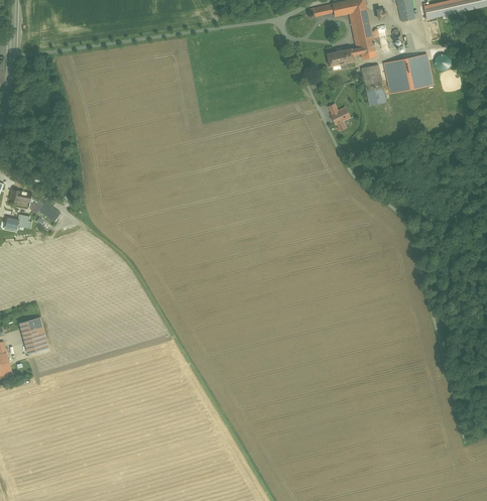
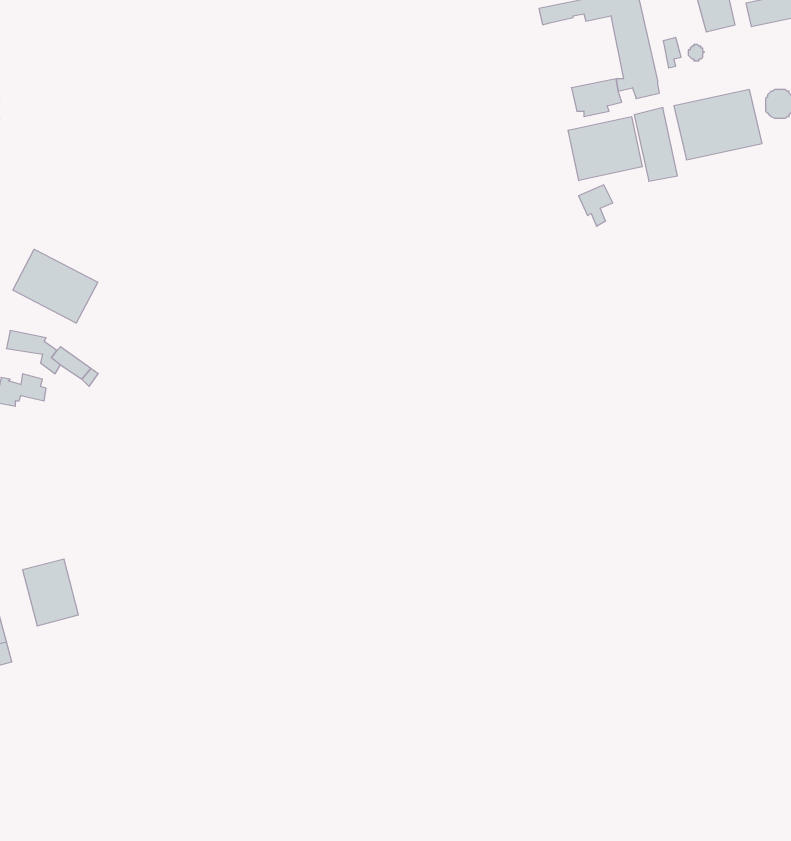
building: none -> [568,117,642,181]
building: none -> [13,249,98,323]

